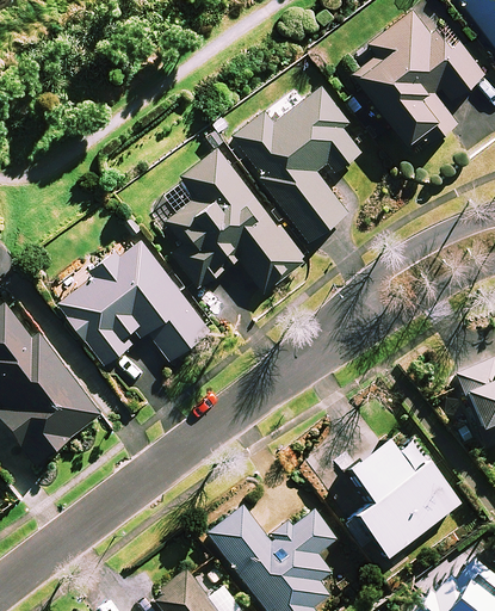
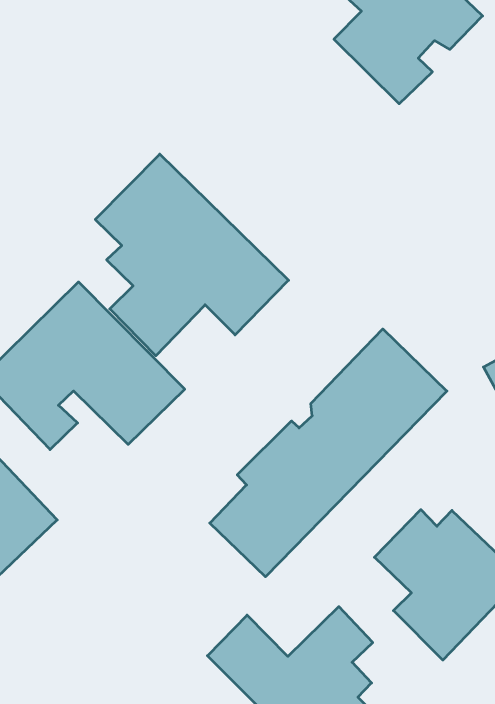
building: [235,88,367,239] -> none
building: none -> [210,329,447,577]

